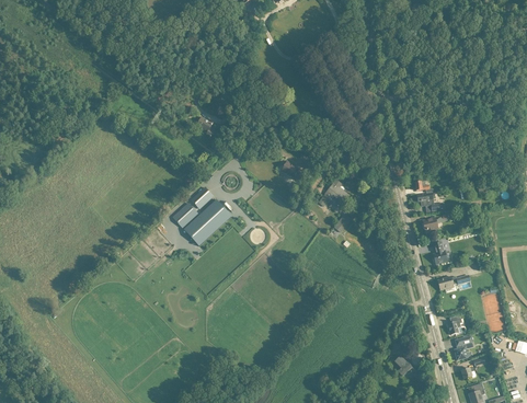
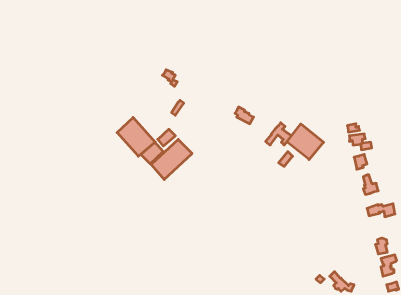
building: none -> [117,117,155,156]
building: none -> [287,124,324,160]

